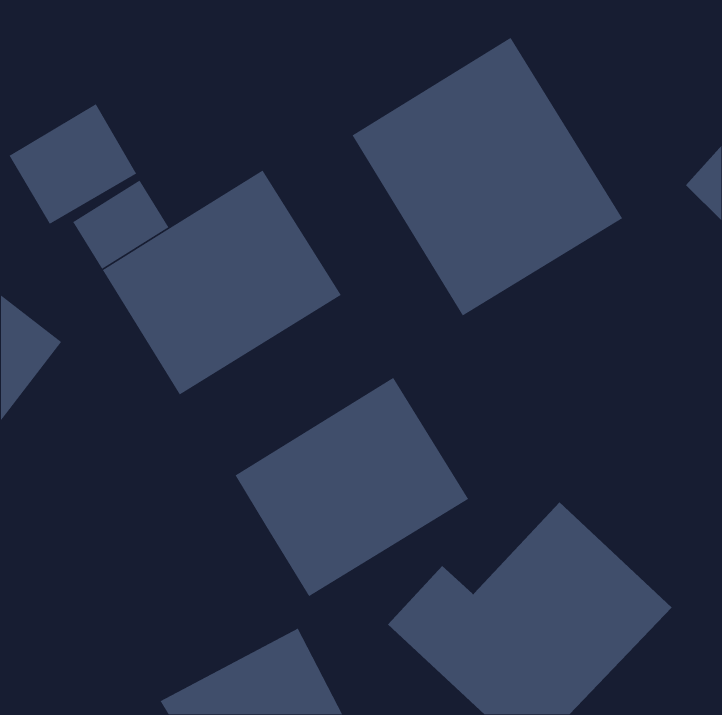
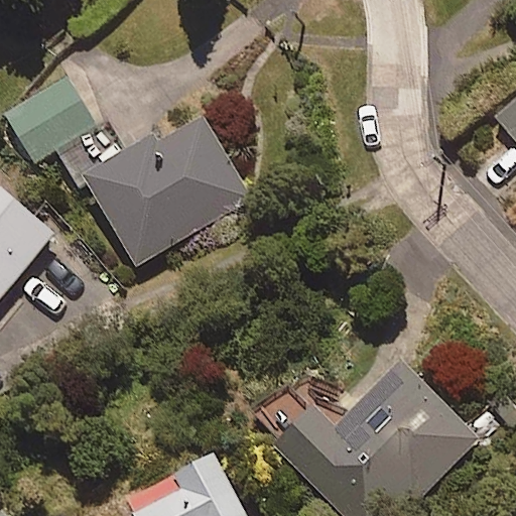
building: [351,37,623,316] -> none
building: [234,377,469,597] -> none

